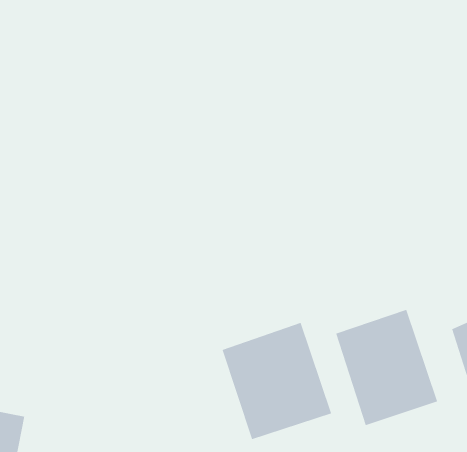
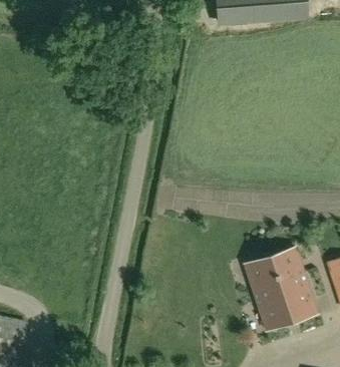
building: [222,322,332,440] -> none

